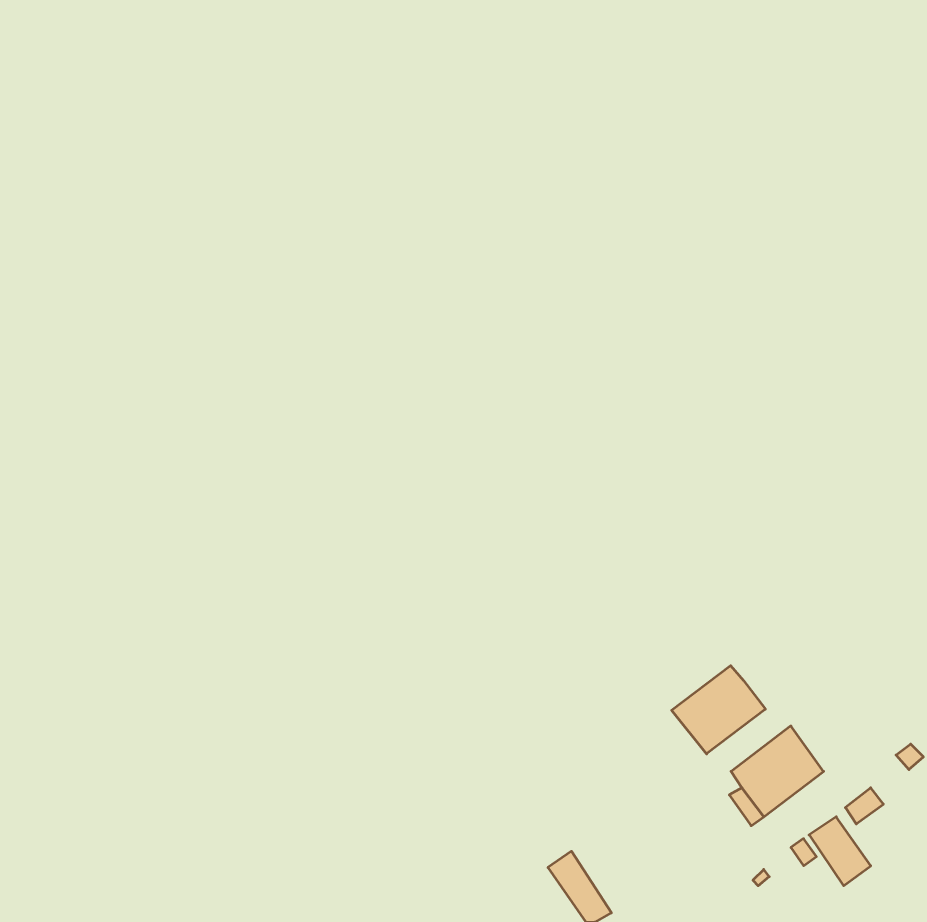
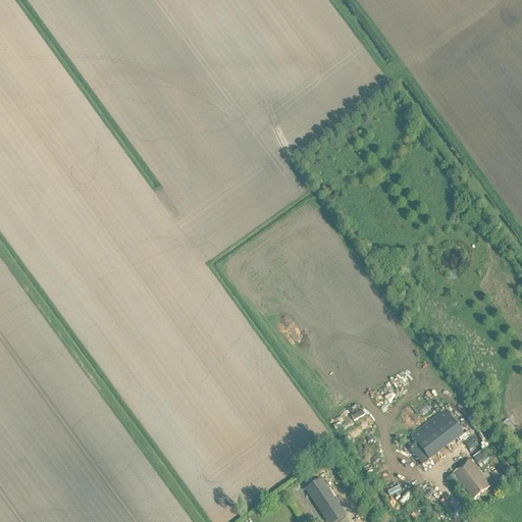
building: [672,666,765,754] -> none

